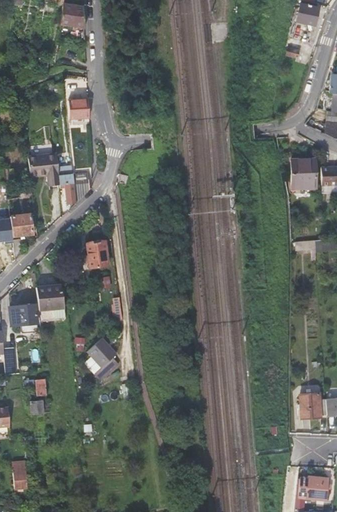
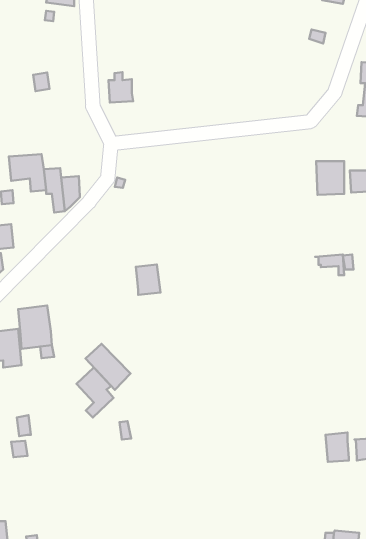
building: [68,93,89,119] -> [109,72,133,102]
building: [87,241,108,267] -> [136,264,160,295]
building: none -> [85,344,131,390]

